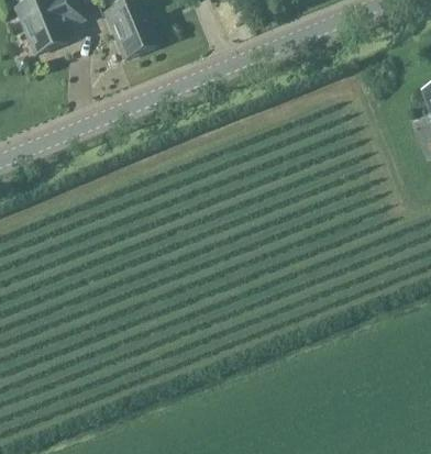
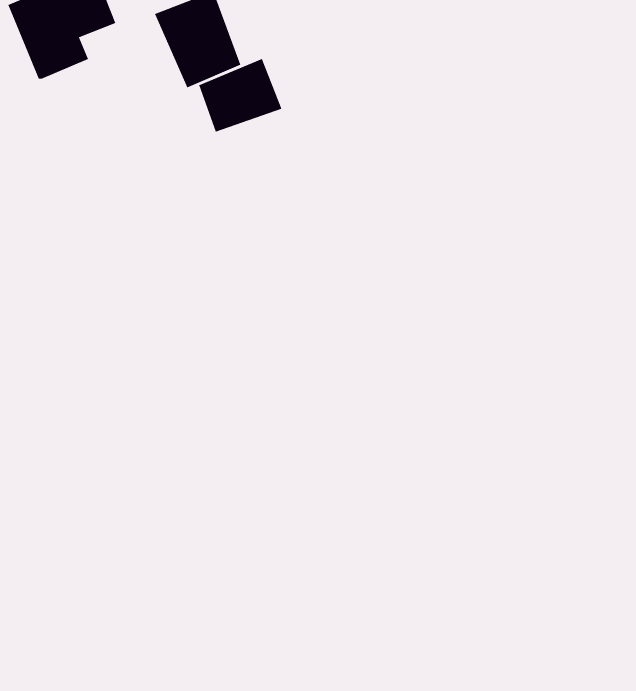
building: none -> [199,58,282,132]

